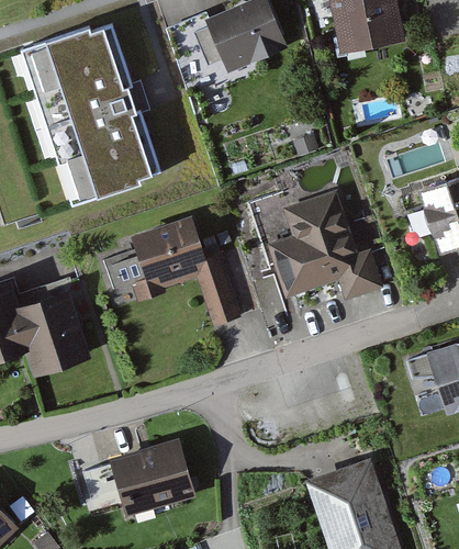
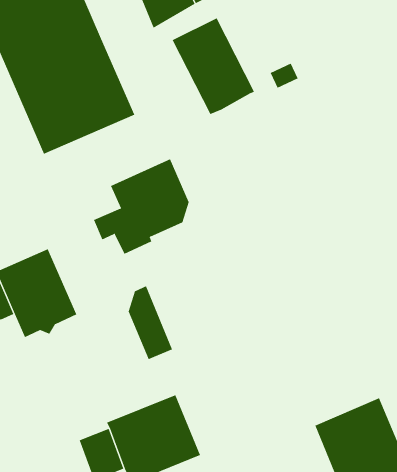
building: none -> [172,18,255,115]
building: [246,192,378,301] -> none
building: [198,254,237,324] -> [128,285,173,360]

